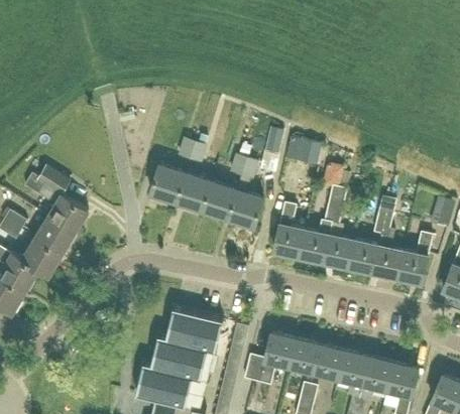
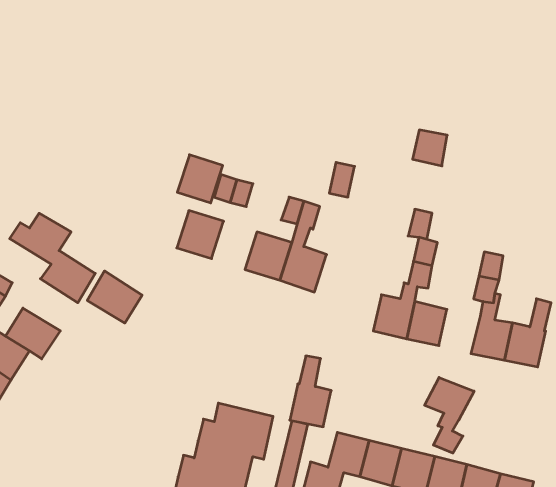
building: [296,140,322,167] -> [413,130,447,166]
building: [176,173,210,210] -> [177,155,223,203]
building: [272,202,304,256] -> [290,356,331,427]
building: [33,217,75,256] -> [87,271,142,323]
building: [347,240,378,273] -> none
building: none -> [425,377,474,453]

